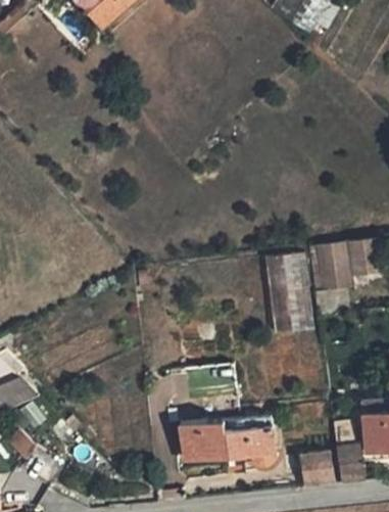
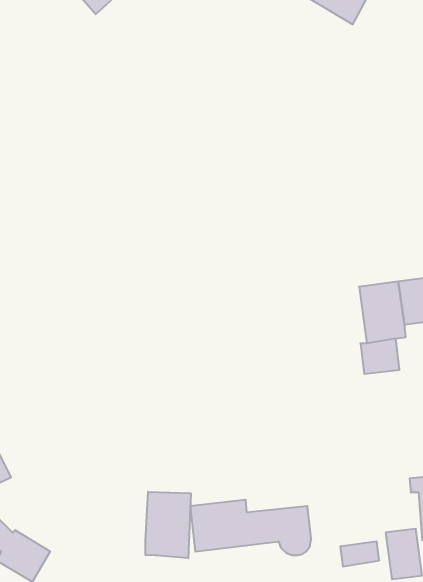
building: [265,254,305,333] -> none
building: none -> [146,492,191,558]

